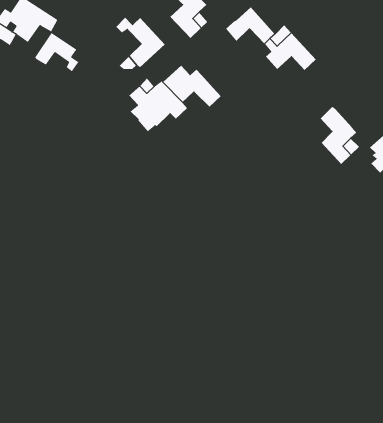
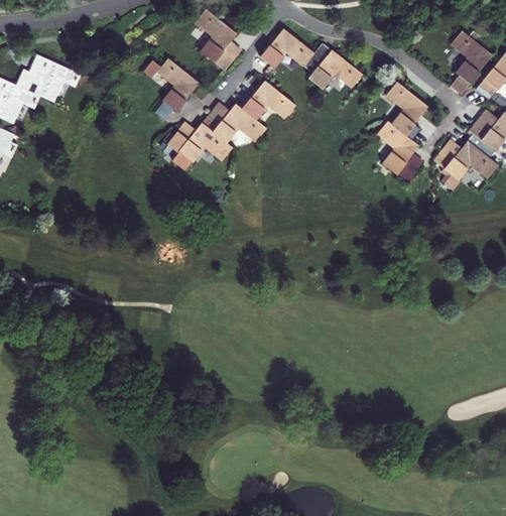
building: [34,32,79,72] -> none
building: none -> [242,81,296,121]
building: none -> [385,83,428,141]

